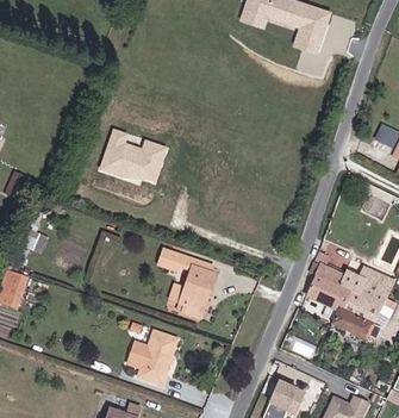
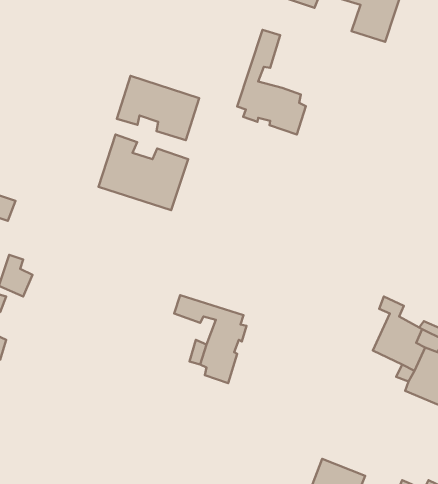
building: none -> [237,30,306,134]
building: none -> [117,76,199,140]
building: [126,332,176,387] -> none

